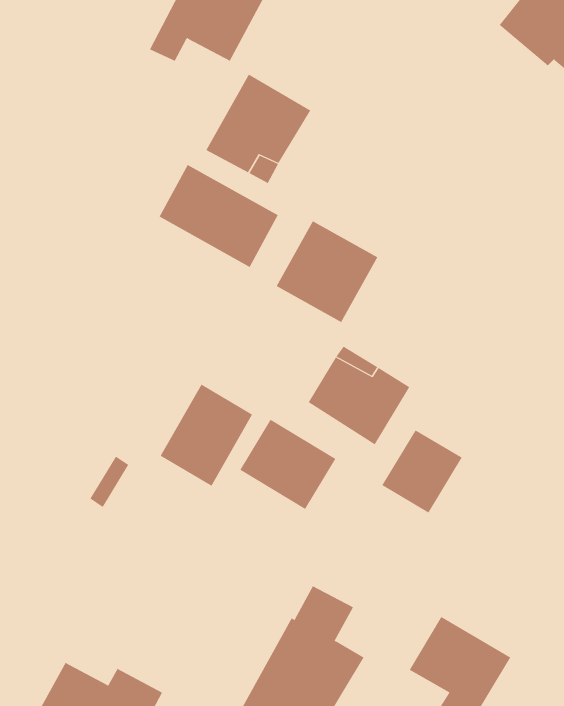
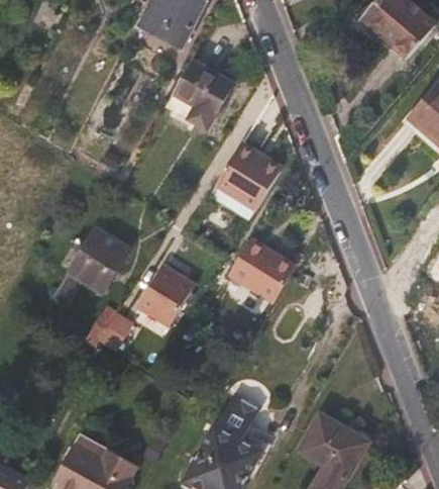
building: [159,164,278,268] -> none
building: none -> [52,229,128,306]
building: [240,419,336,510] -> none
building: [382,429,462,513] -> none

